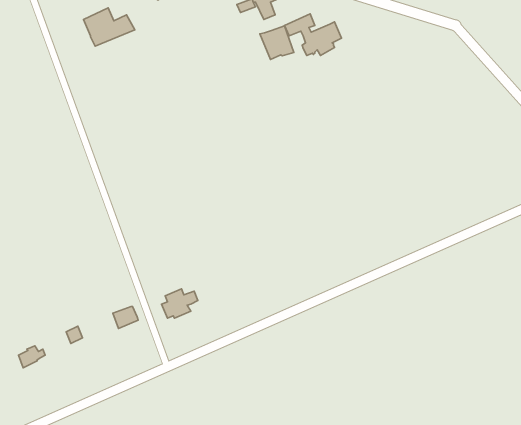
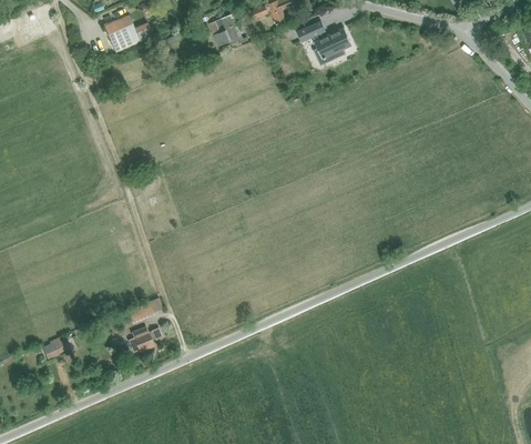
building: [260,26,294,59] -> [210,13,242,46]
building: [162,289,198,318] -> [126,324,161,352]

